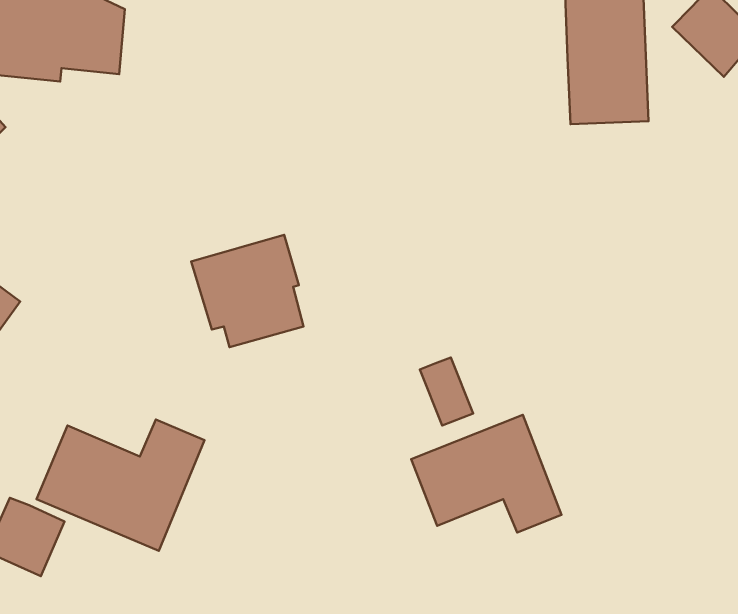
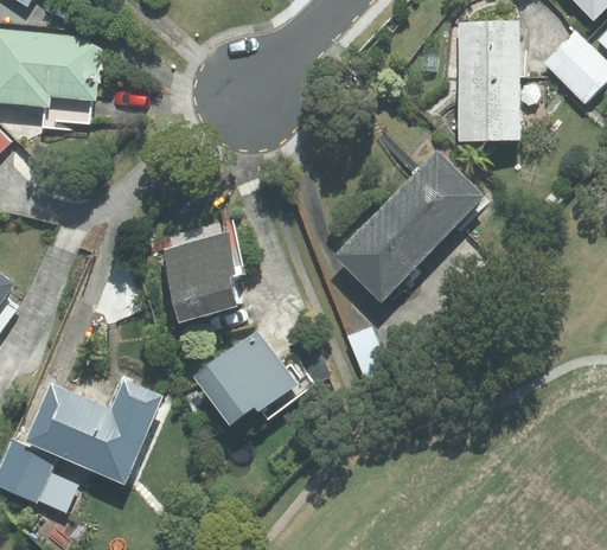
building: none -> [333,148,485,301]
building: none -> [199,330,299,423]
building: [411,415,561,532] -> none

